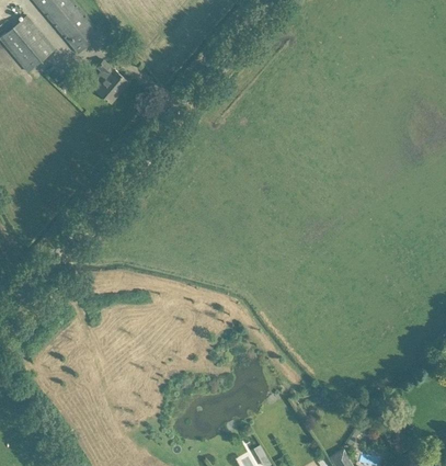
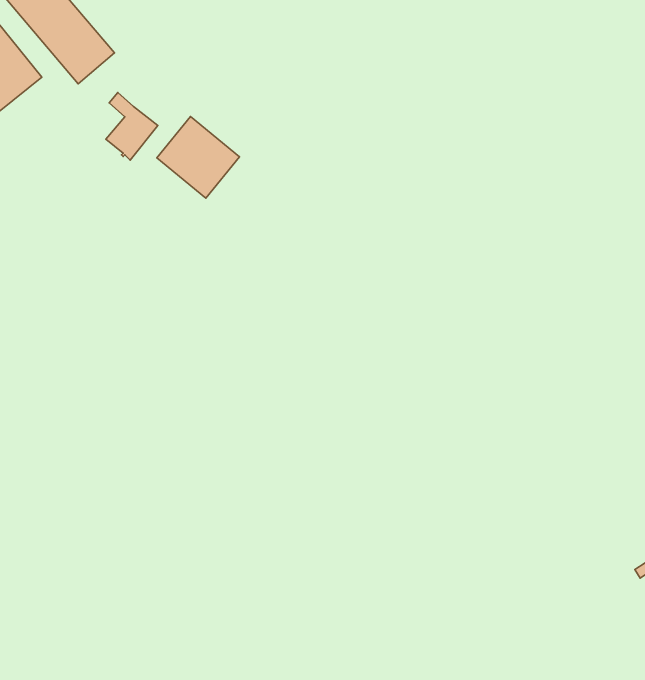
building: none -> [157,116,239,198]

